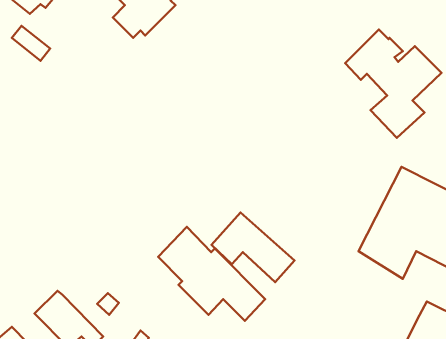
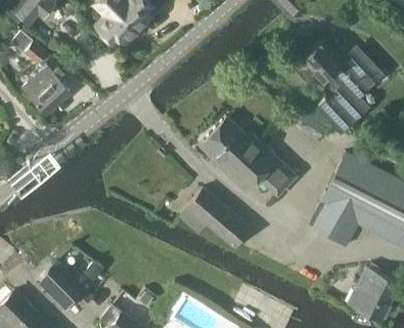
building: none -> [24,64,70,114]
building: [158,227,265,321] -> [209,120,300,200]

